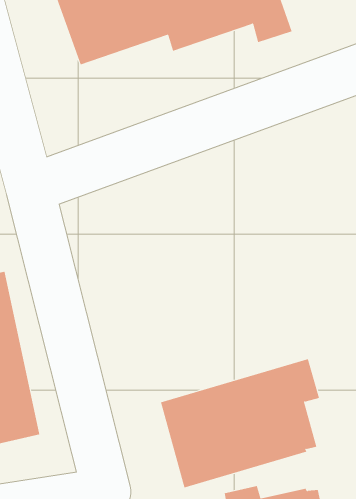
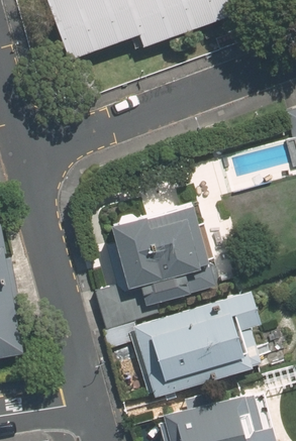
building: none -> [93,202,213,326]

